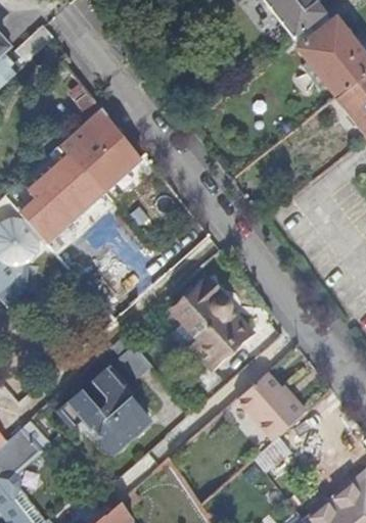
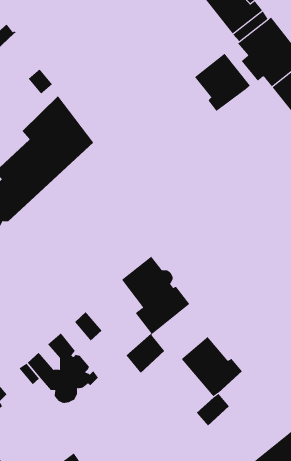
building: none -> [194,53,250,112]

